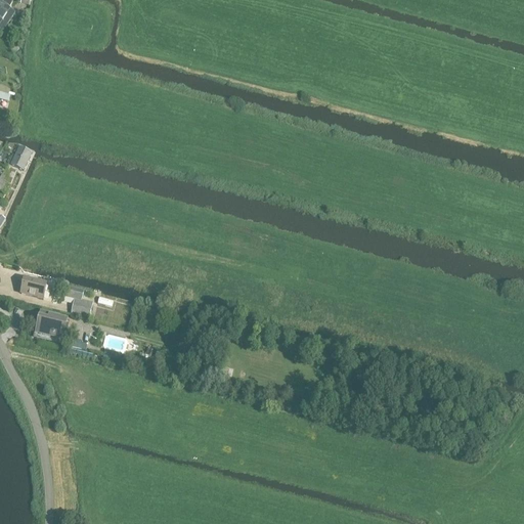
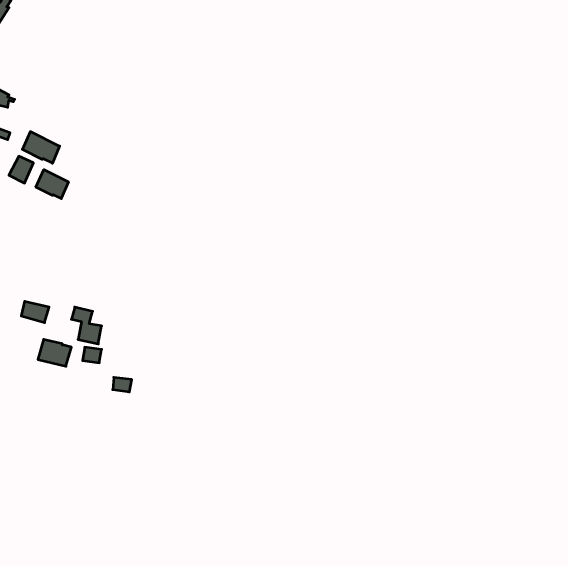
building: none -> [22,132,60,163]
building: none -> [36,170,68,199]

